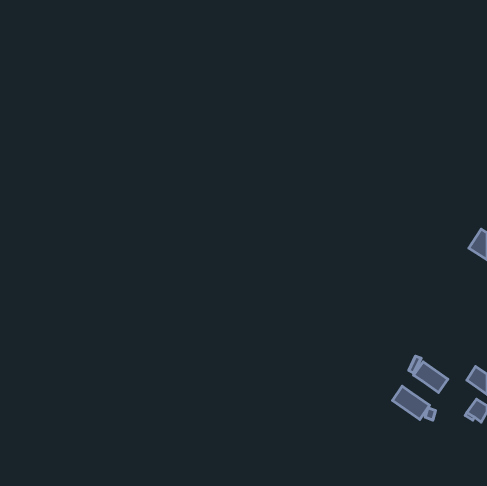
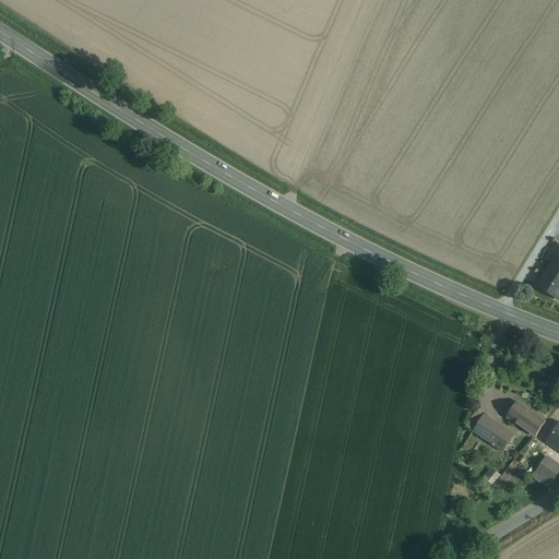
building: none -> [508,401,545,435]
building: [393,386,430,420] -> none

